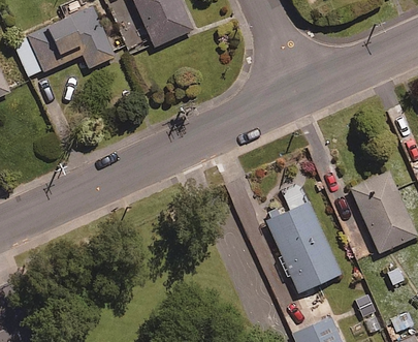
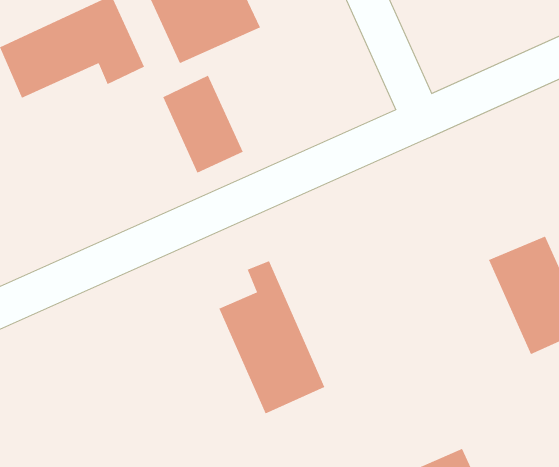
building: none -> [163,75,244,173]
building: [267,187,341,292] -> [218,260,325,414]

